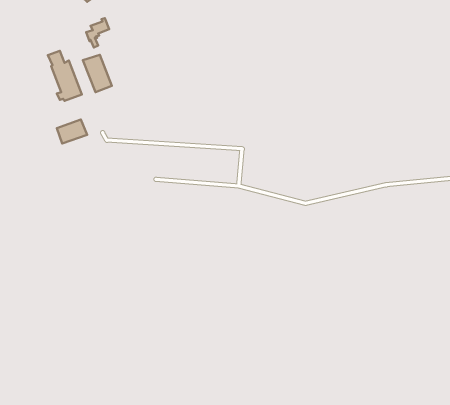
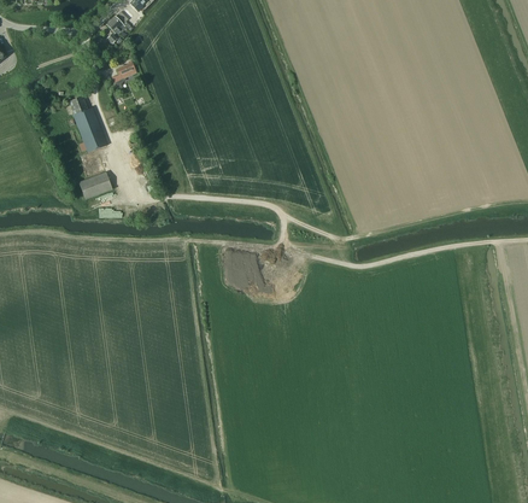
building: [83,55,112,92] -> none

